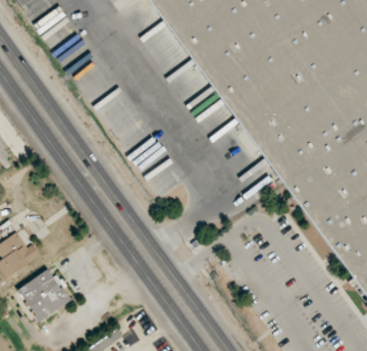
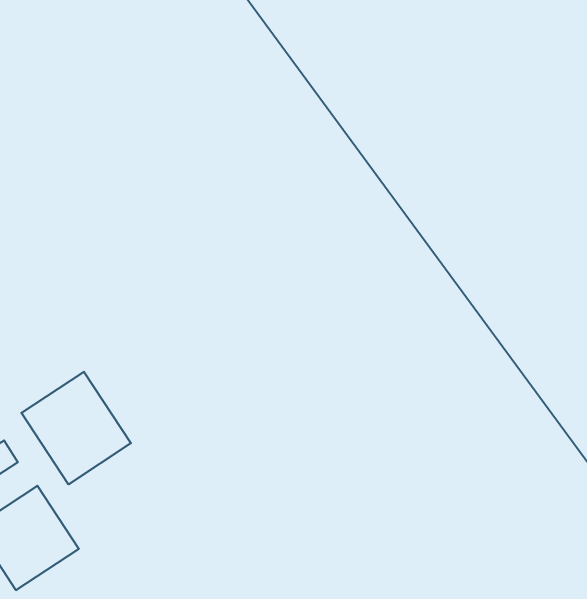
building: none -> [21,372,131,484]

